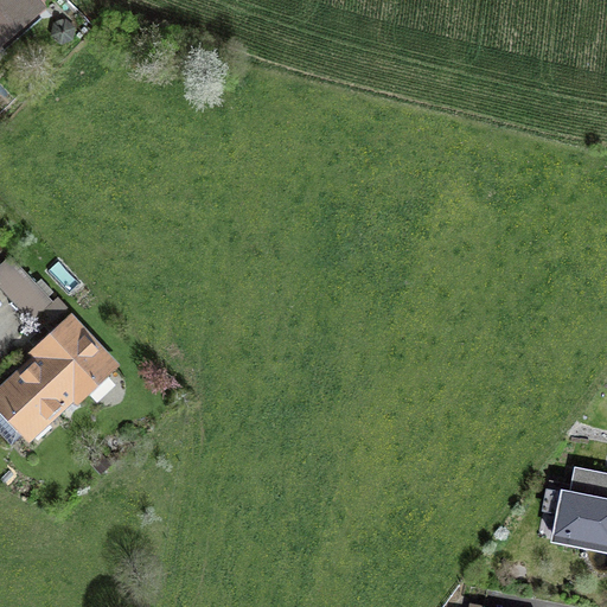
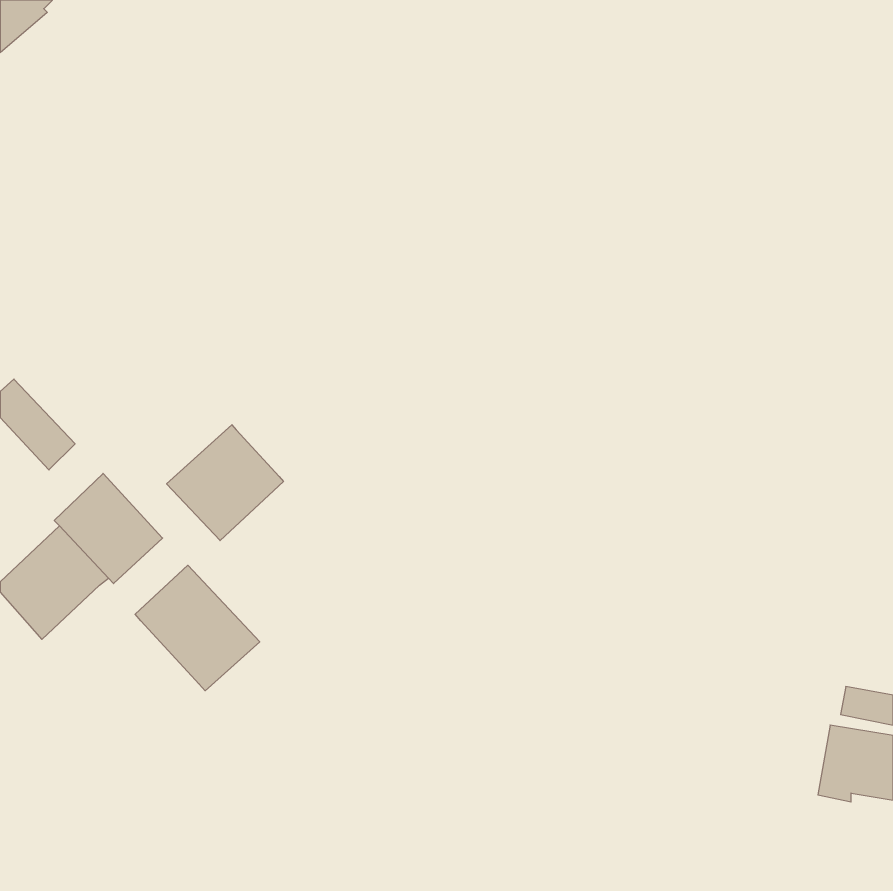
building: none -> [167,425,283,541]
building: none -> [135,565,260,691]

